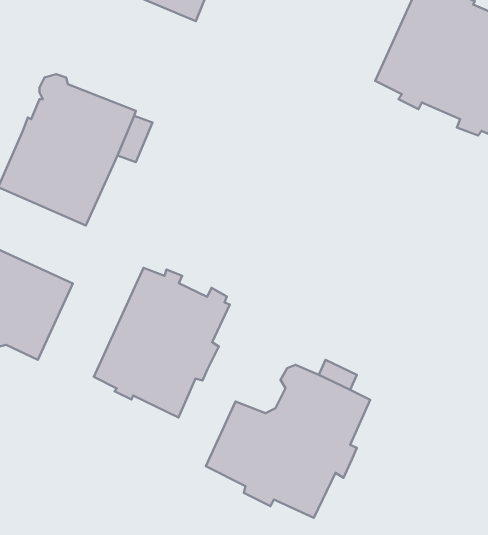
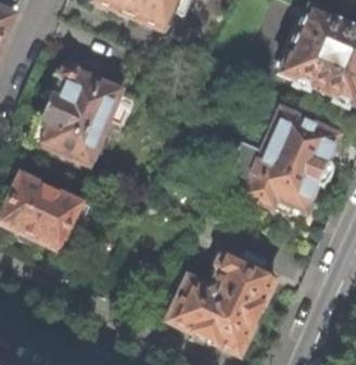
building: none -> [231,105,341,207]
building: [94,268,230,417] -> none

